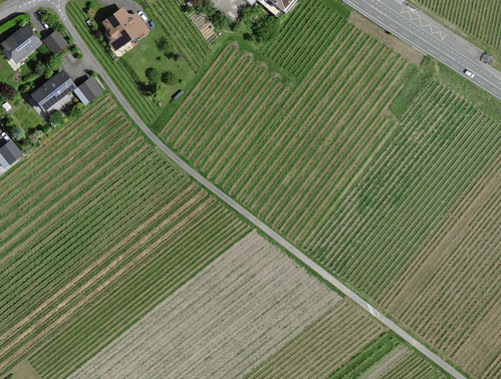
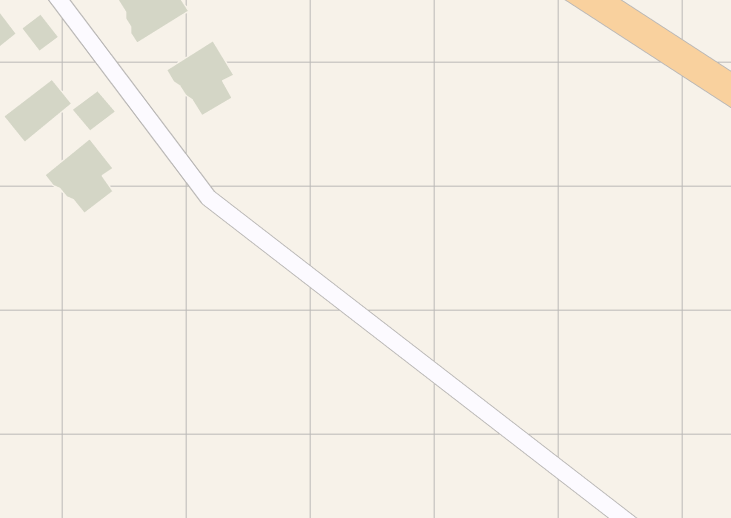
building: none -> [166,41,234,116]
building: none -> [45,139,113,214]

